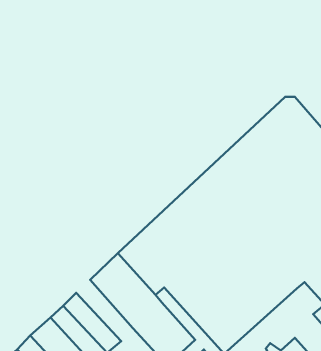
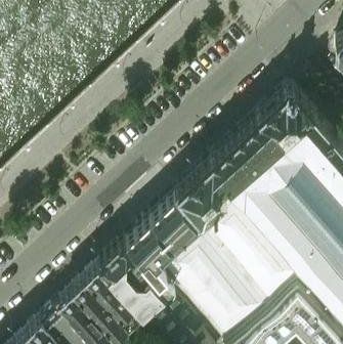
building: none -> [83,269,137,328]

